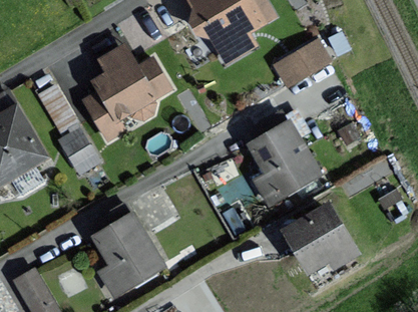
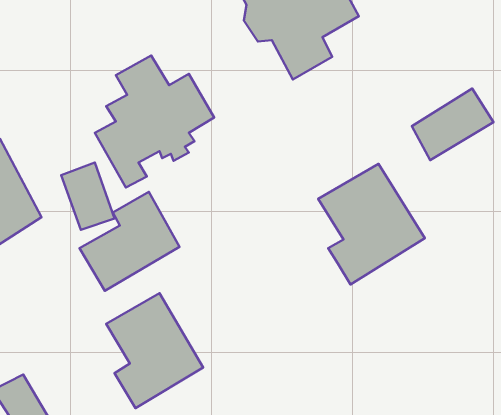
building: [272,38,330,89] -> [412,88,493,160]
building: none -> [80,192,180,291]
building: [284,204,358,272] -> none

